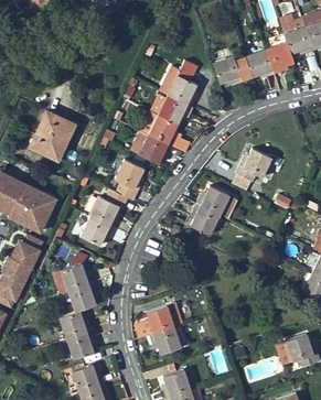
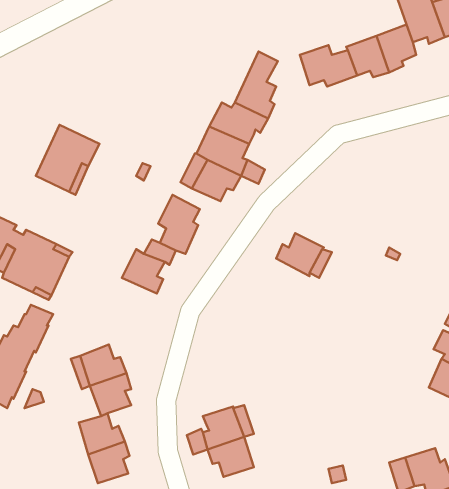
building: [235,148,271,182] -> none
building: [190,203,220,235] -> none
building: [79,216,114,245] -> none

